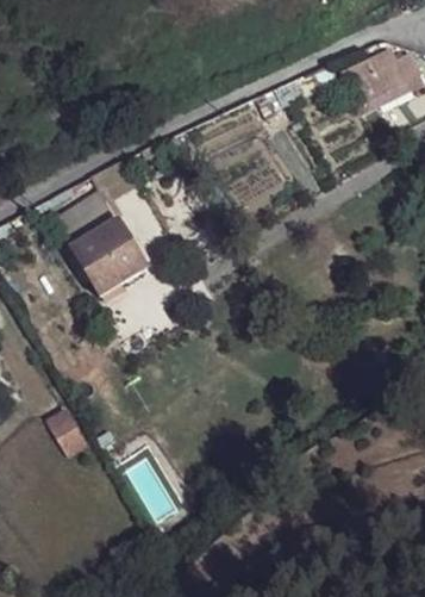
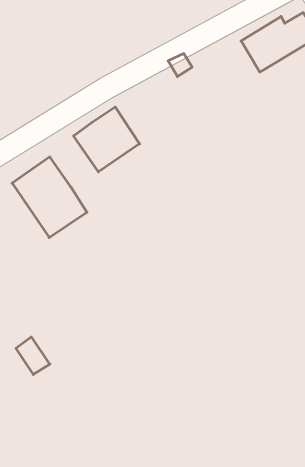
building: none -> [74,107,140,172]

